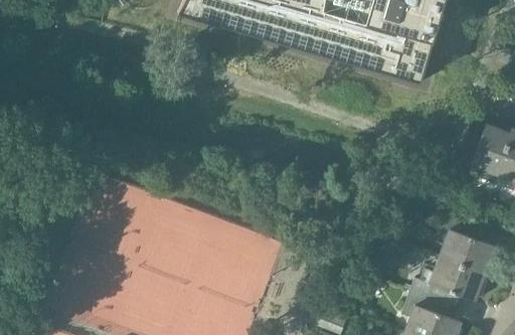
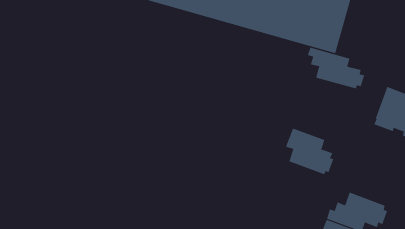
building: none -> [307,47,365,89]
building: [435,214,496,274] -> [285,128,334,175]

